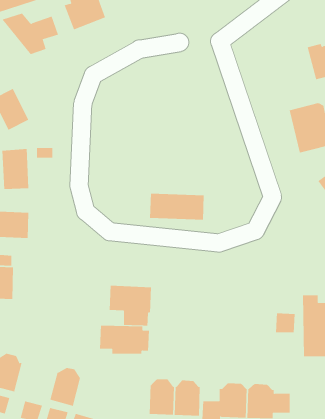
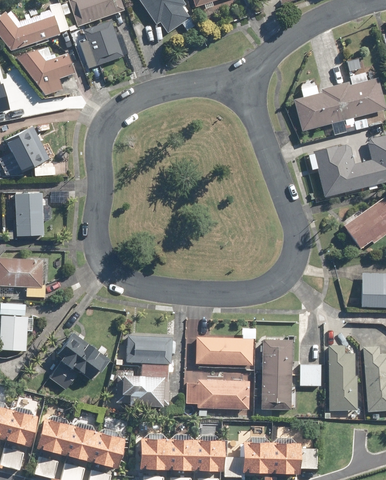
building: none -> [294,86,342,131]
building: [149,193,205,220] -> [195,337,253,365]
building: none -> [48,333,110,390]
building: none -> [261,340,291,410]
building: none -> [185,379,249,409]
building: none -> [35,414,72,455]
building: none -> [89,428,123,469]
building: none -> [139,433,169,470]

